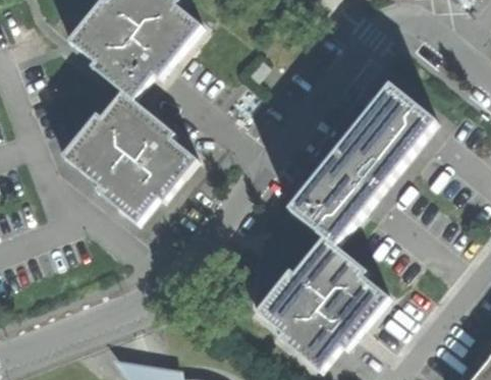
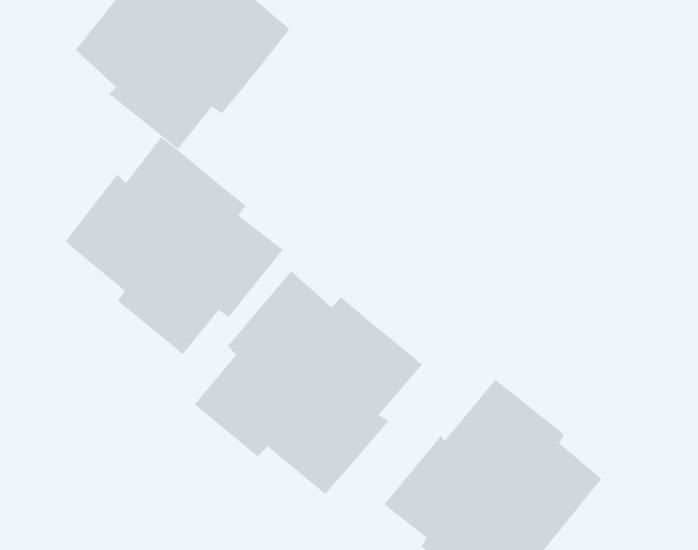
building: [290,89,433,248] -> none
building: none -> [194,271,423,495]

